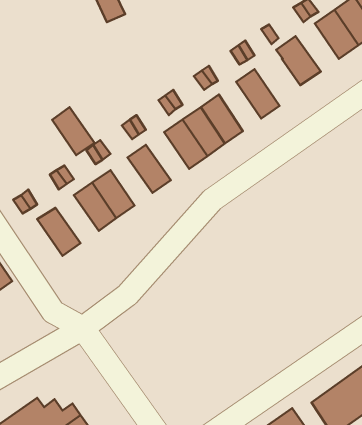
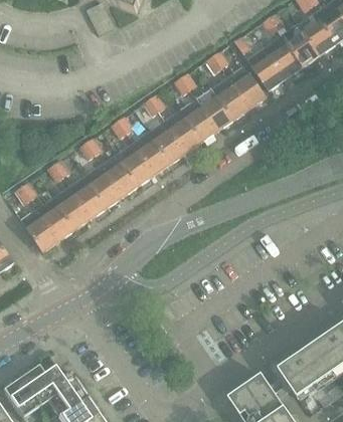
building: none -> [265,36,303,78]
building: none -> [228,65,267,109]
building: none -> [197,87,234,131]
building: [52,107,95,155] -> [102,154,139,196]
building: none -> [133,132,171,174]
building: none -> [53,187,92,229]
building: none -> [21,208,59,251]

